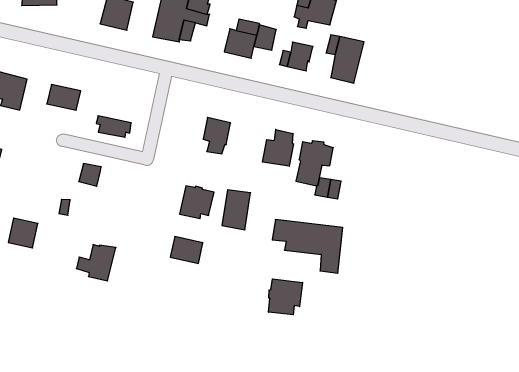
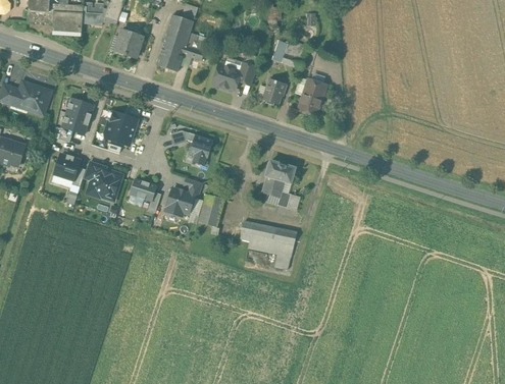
building: none -> [105,111,137,133]
building: none -> [60,112,88,134]
building: [263,129,294,166] -> none
building: [8,218,38,248] -> [53,154,79,179]
building: [170,237,203,263] -> [129,178,156,202]
building: [76,245,116,281] -> [88,170,121,201]
building: [269,279,303,315] -> none

